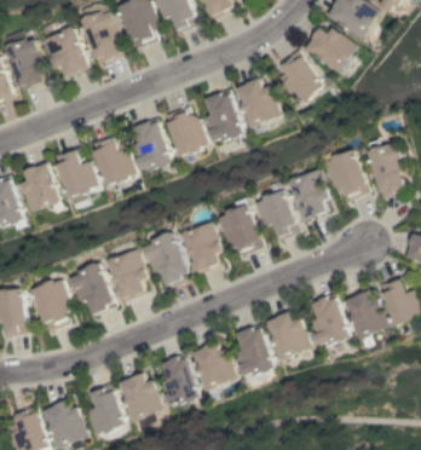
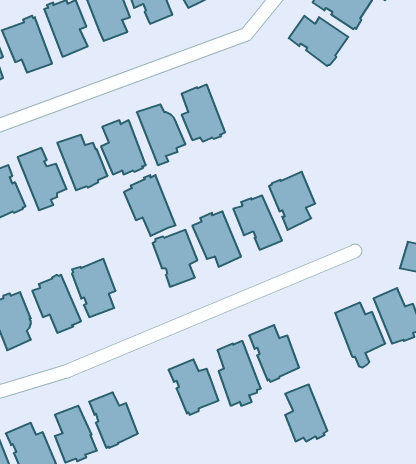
building: [277,51,322,105] -> none
building: [235,77,281,128] -> none
building: [363,140,404,198] -> none
building: [319,150,365,202] -> none
building: [140,232,188,288] -> [124,175,176,236]
building: [312,294,351,346] -> [285,385,327,441]
building: [163,353,203,405] -> none

